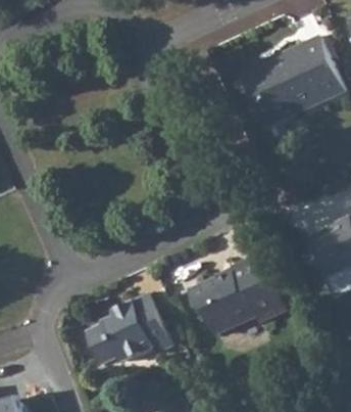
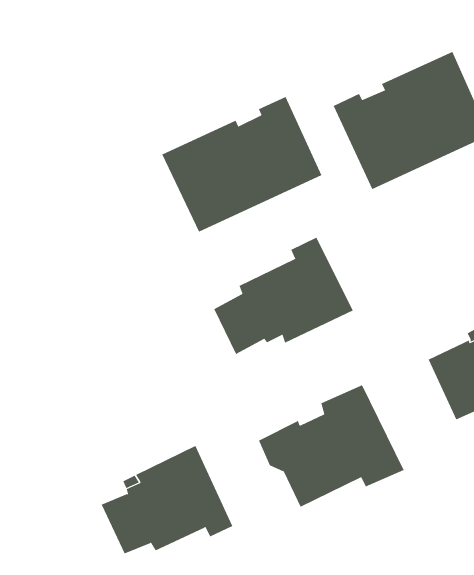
building: none -> [162,96,322,232]
building: none -> [213,237,353,355]

